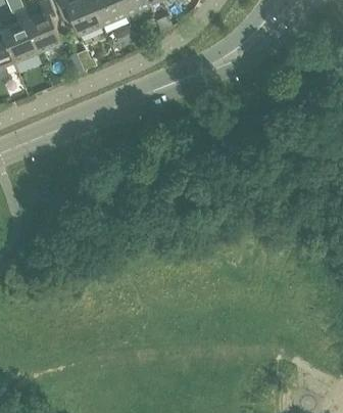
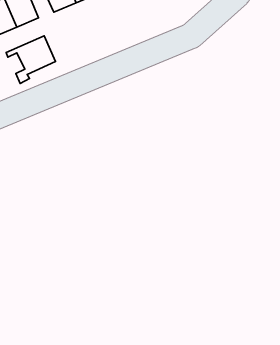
building: none -> [6,36,56,84]

